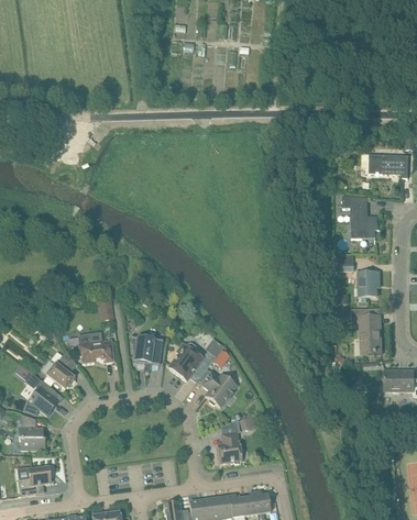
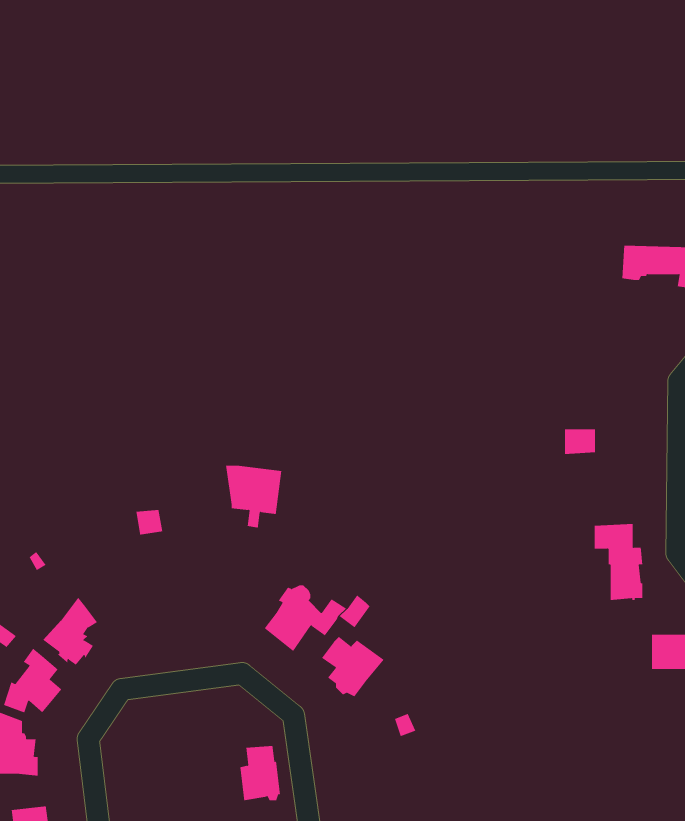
building: [342,195,377,237] -> none
building: [359,272,378,296] -> none
building: [131,336,163,372] -> [225,465,282,528]
building: [78,340,113,363] -> none
building: [218,432,241,463] -> [239,745,281,801]

